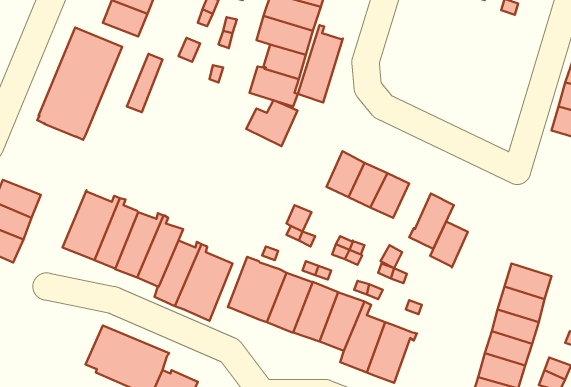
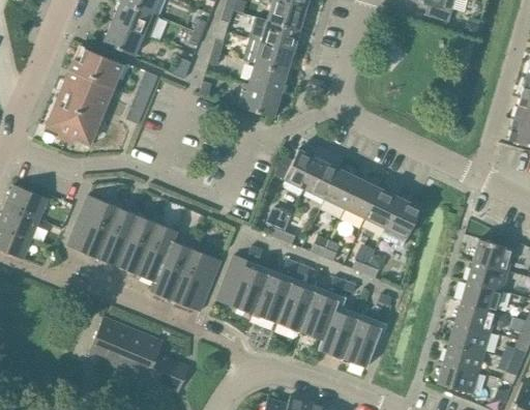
building: [298,25,343,102] -> none
building: [246,100,298,146] -> [273,150,320,192]
building: [430,222,468,267] -> [365,188,400,230]
building: none -> [472,240,516,272]

